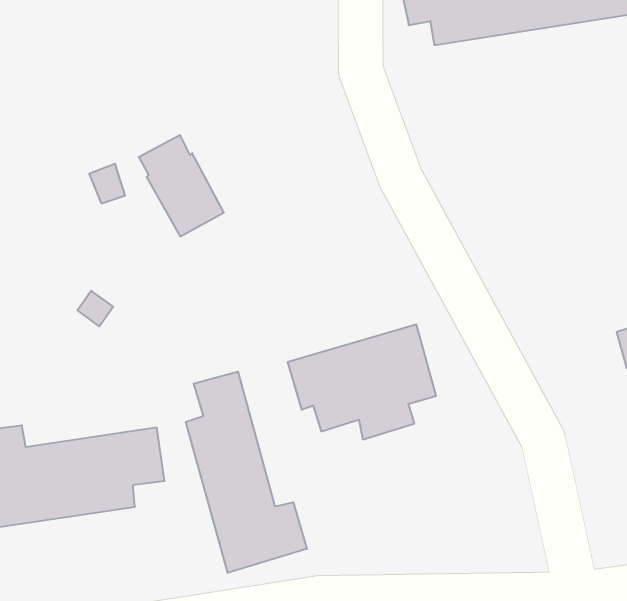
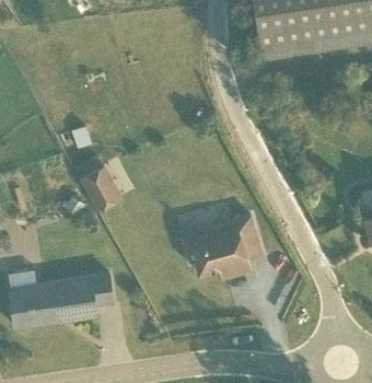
building: [139,135,224,236] -> [75,156,123,212]
building: [186,372,307,573] -> none

